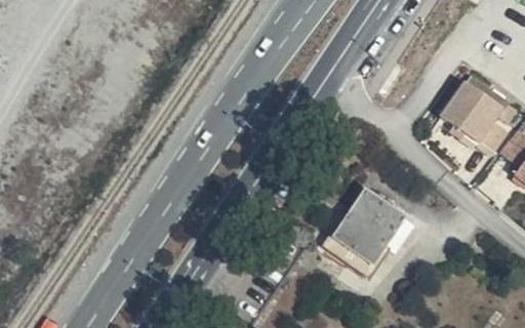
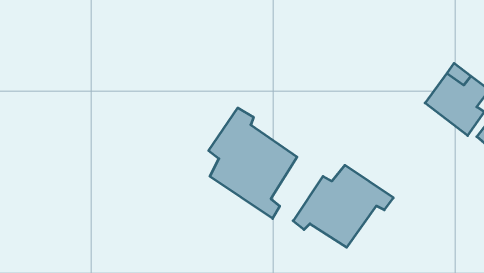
building: none -> [209,108,297,219]

